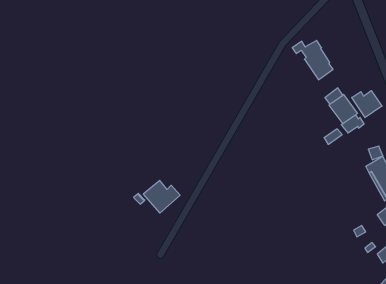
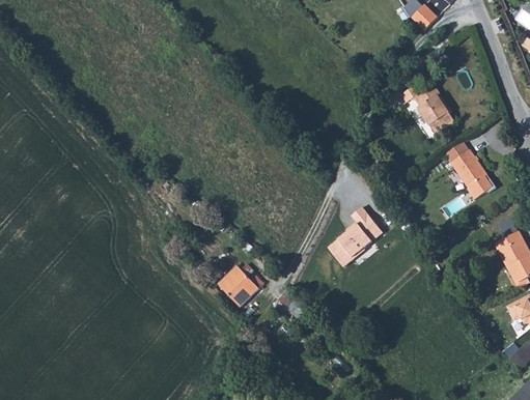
building: [352,91,382,118] -> none
building: none -> [327,206,384,268]

